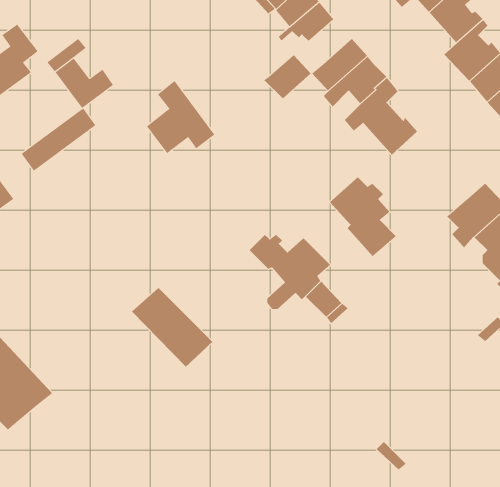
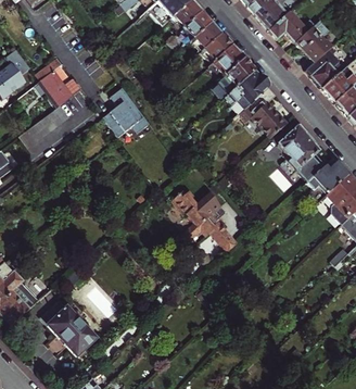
building: [263,54,312,99] -> [211,46,243,76]
building: [329,177,397,257] -> [278,125,323,179]
building: [131,287,213,368] -> [40,300,96,354]

